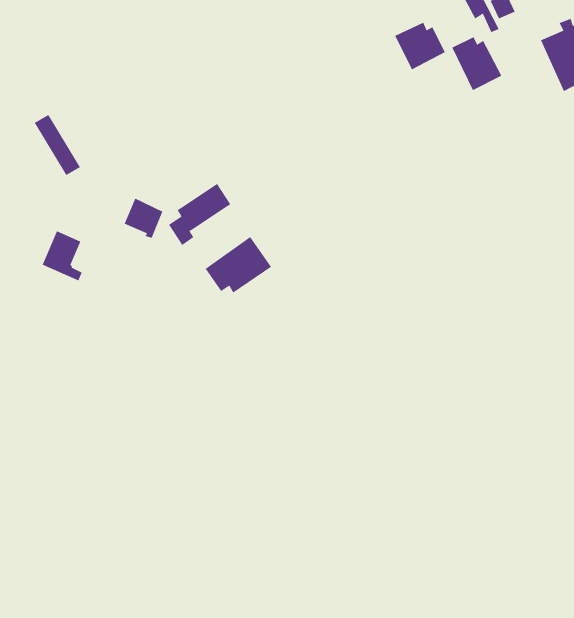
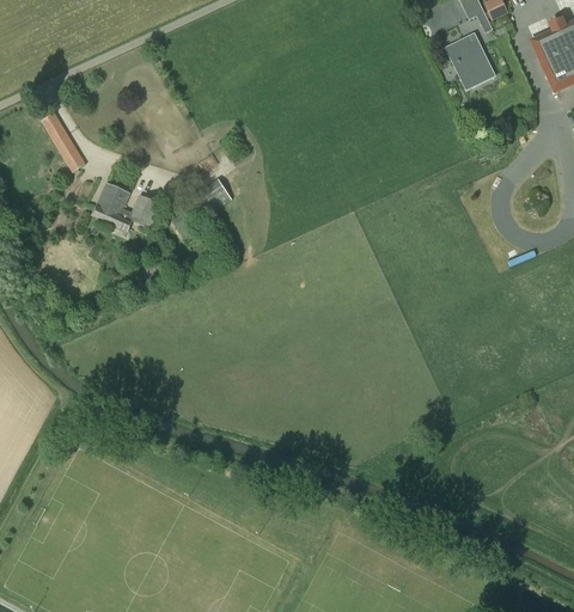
building: [394,22,446,70] -> none
building: [42,231,82,281] -> [92,180,132,230]
building: [205,236,272,293] -> none

